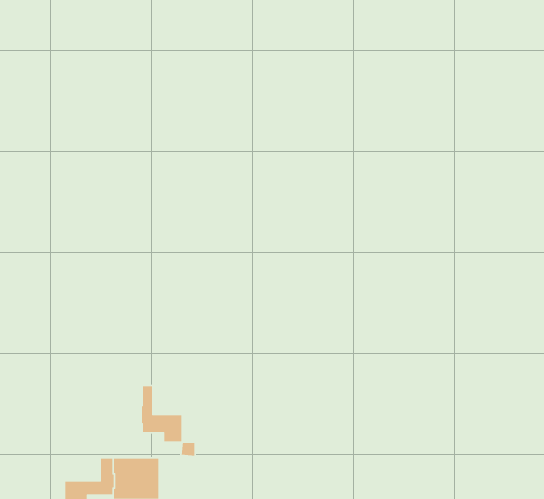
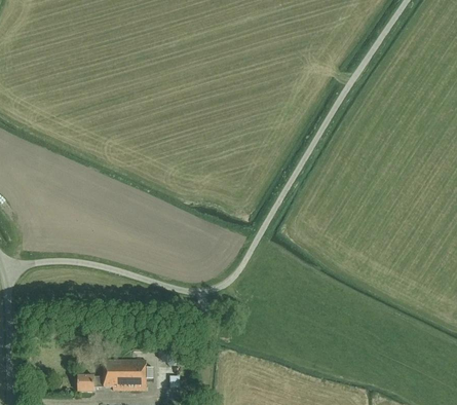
building: [141,385,182,442] -> none

